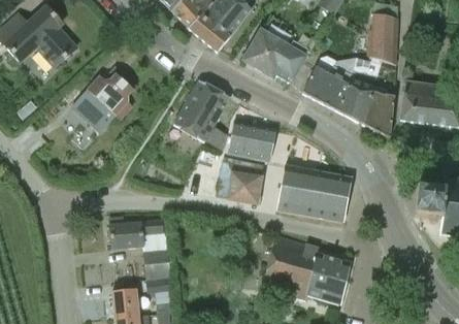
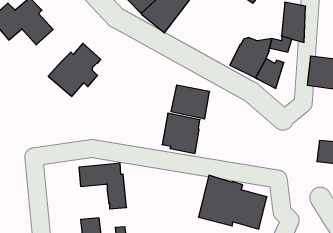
building: [244,31,308,83] -> none
building: [174,80,229,151] -> none
building: [361,90,394,138] -> none
building: [276,165,350,221] -> none

